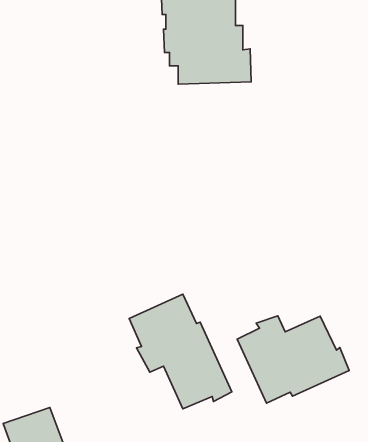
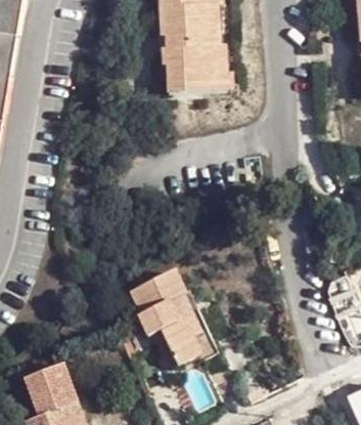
building: [237,316,349,403] -> none

